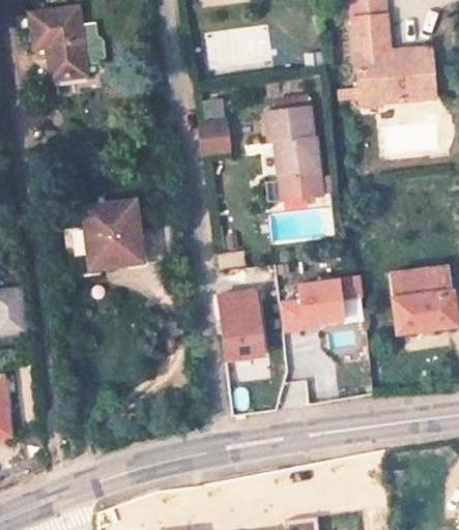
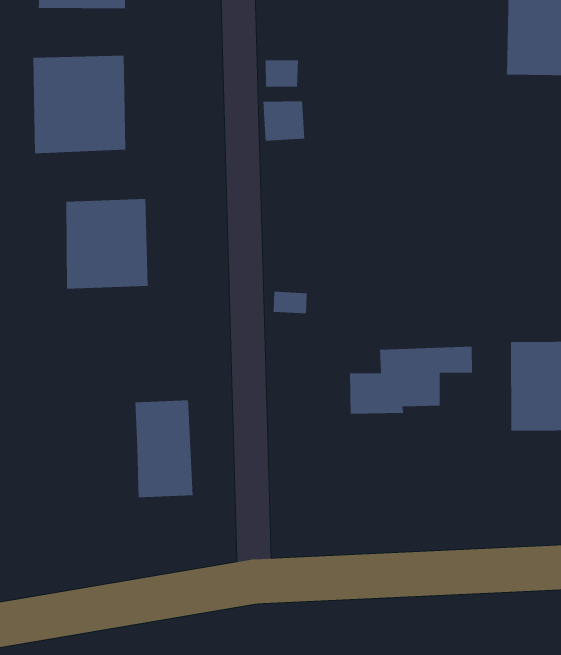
building: [262,104,321,198] -> none
building: none -> [32,55,126,154]
building: [221,292,266,361] -> [135,399,194,498]

